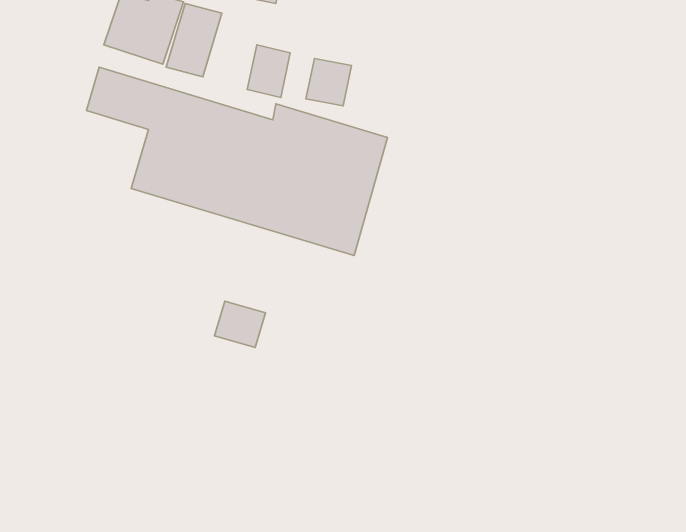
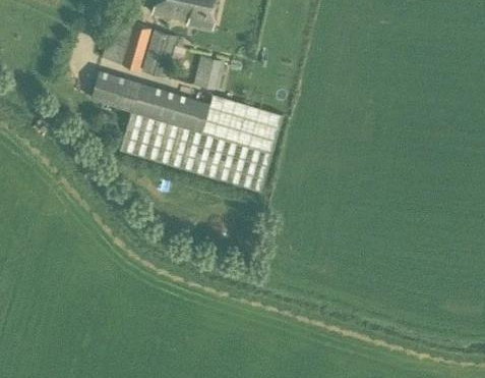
building: [306,58,352,106] -> none
building: [214,301,266,347] -> none

